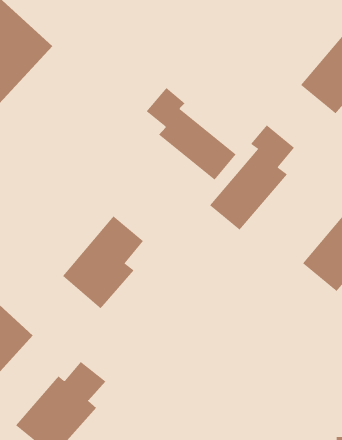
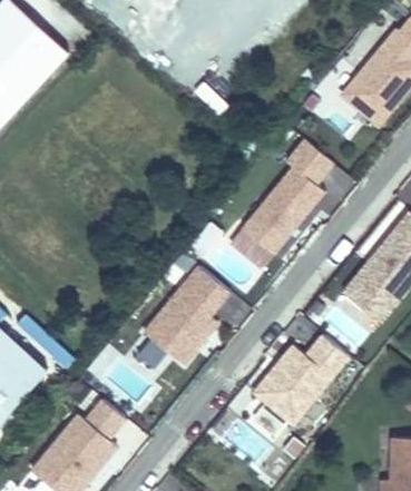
building: [146,87,236,180] -> none
building: [62,216,144,309] -> [141,265,231,367]
building: none -> [252,333,350,426]

